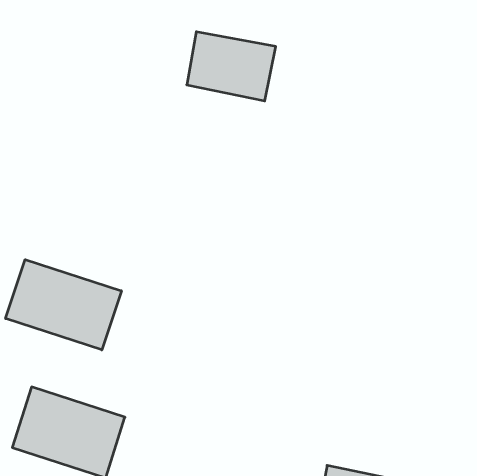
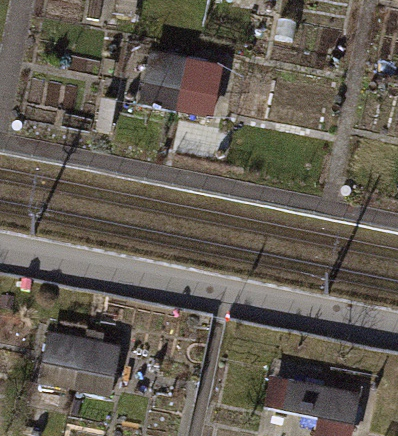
building: [6,260,121,350] -> none

